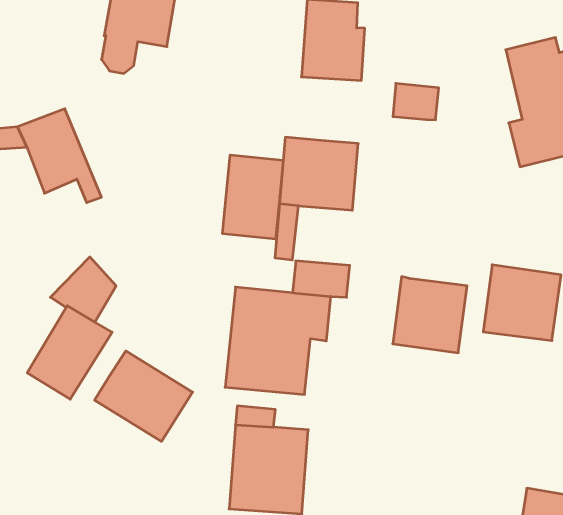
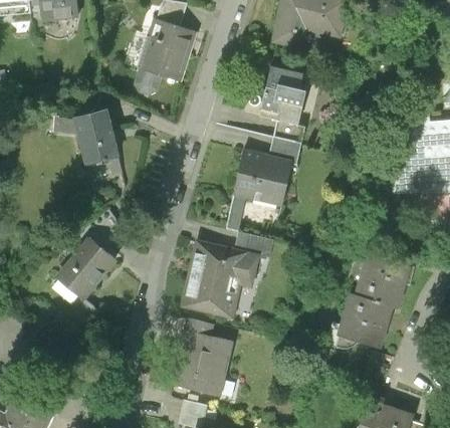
building: [393,83,439,120] -> [269,137,301,164]
building: [223,155,283,239] -> none
building: [393,277,467,353] -> [335,293,389,348]
building: [95,351,193,441] -> none

